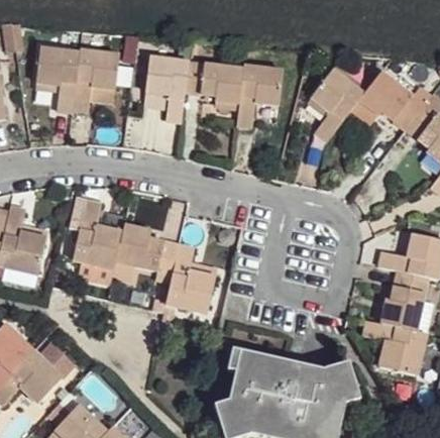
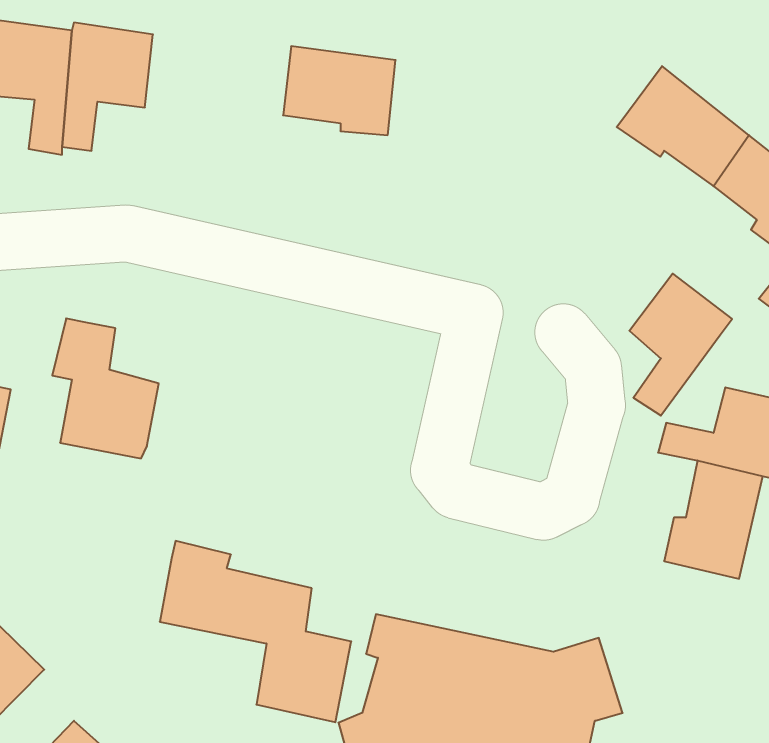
building: [145,54,191,122] -> none
building: [238,62,284,128] -> none
building: [311,69,363,141] -> [629,274,732,416]
building: [117,222,215,315] -> [160,541,351,722]
building: [363,320,428,375] -> none

